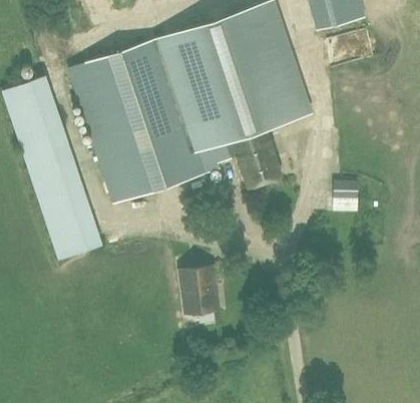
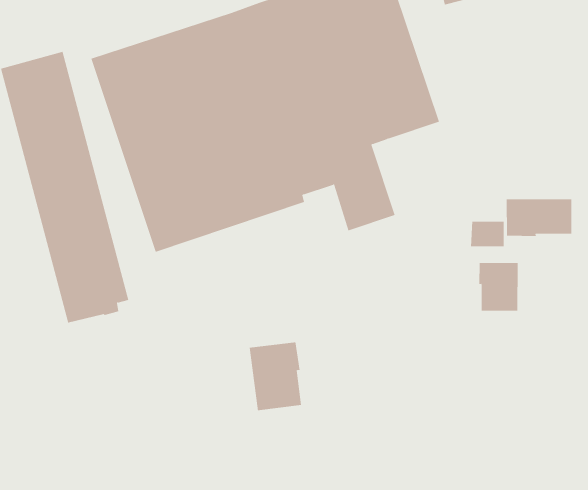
building: none -> [506,199,572,237]
building: none -> [479,262,518,311]

